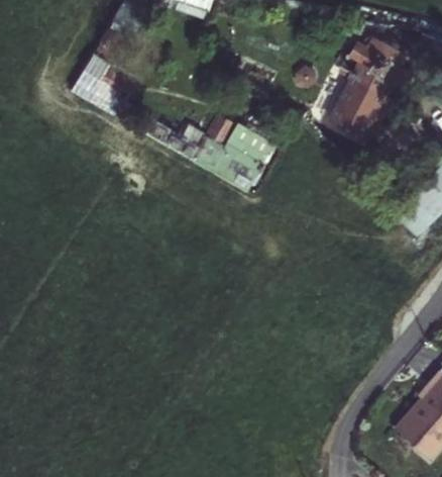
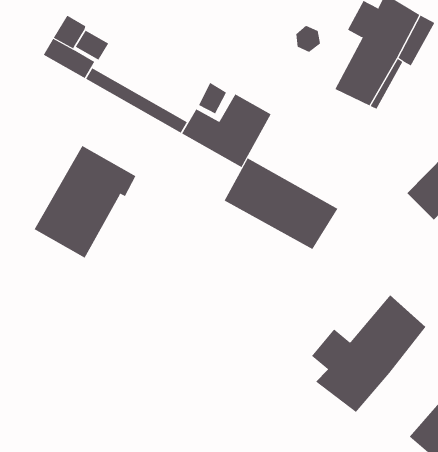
building: none -> [34,145,136,258]
building: none -> [224,157,338,250]
building: none -> [311,294,426,413]

